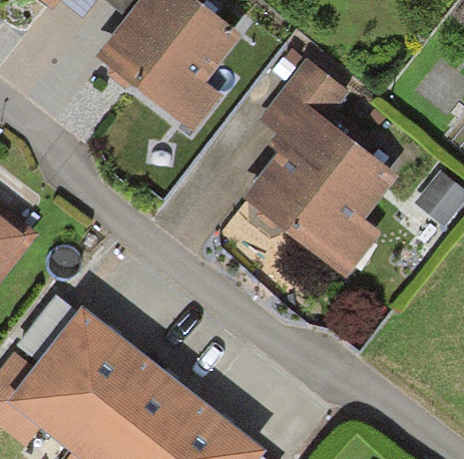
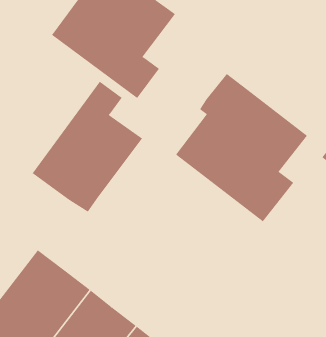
building: [258,56,352,133] -> none
building: none -> [32,81,143,213]

